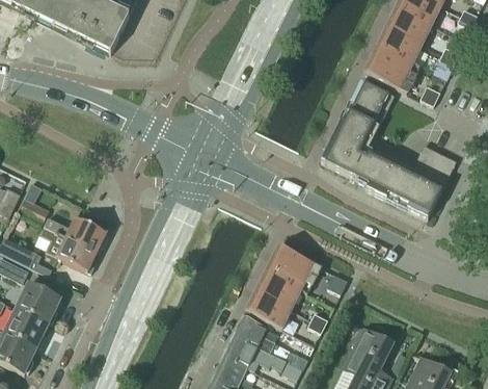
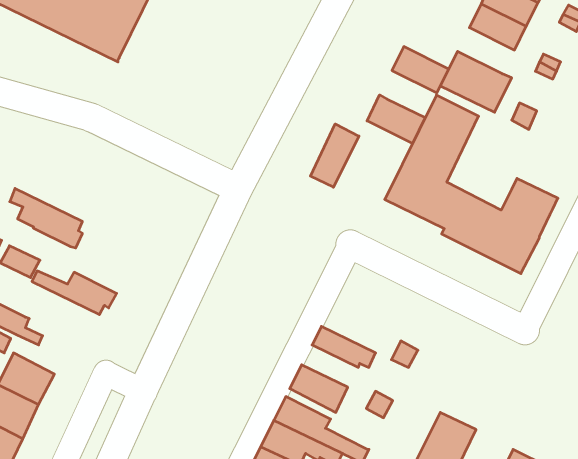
building: [378,26,423,62] -> [392,47,449,93]
building: none -> [367,95,425,144]
building: none -> [310,124,359,187]
building: [39,226,97,273] -> [10,188,82,248]
building: [271,245,321,282] -> none
building: [255,276,300,309] -> none

